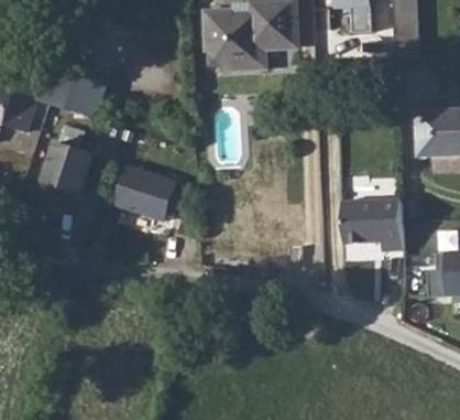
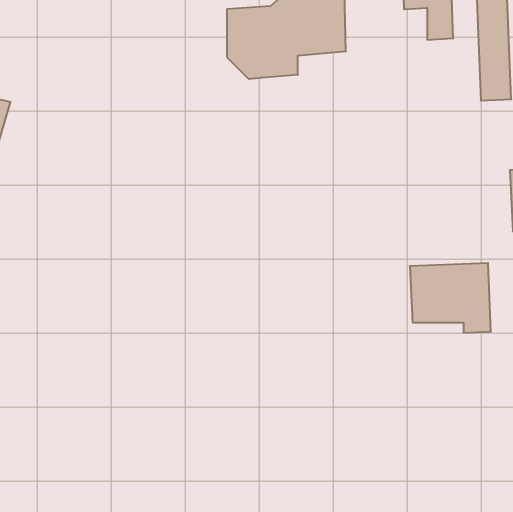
building: [40,122,98,195] -> none
building: [116,164,180,222] -> none

